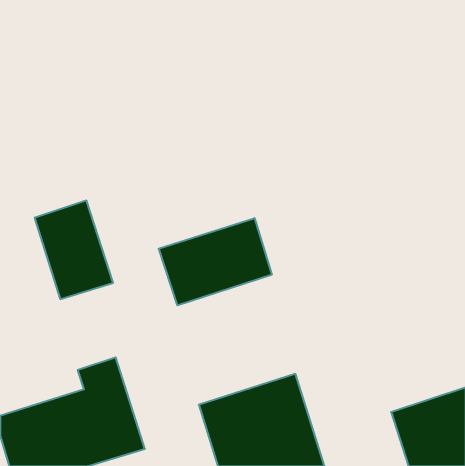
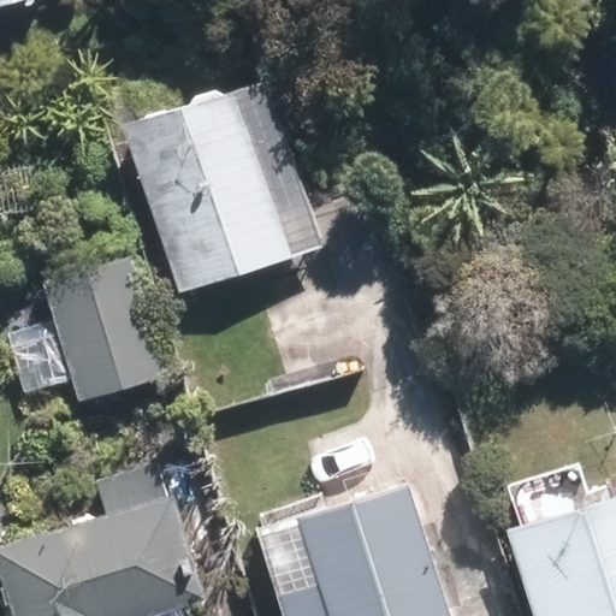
building: none -> [128,89,302,285]
building: [159,218,272,305] -> none

